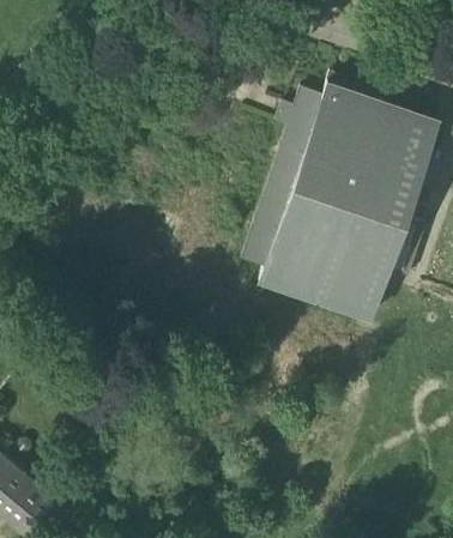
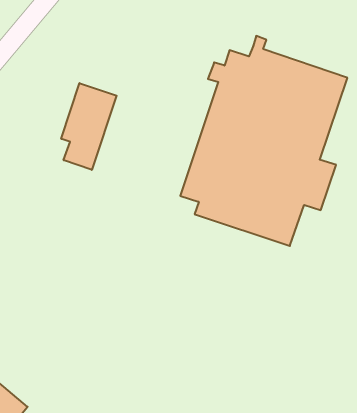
building: none -> [61,83,117,170]

